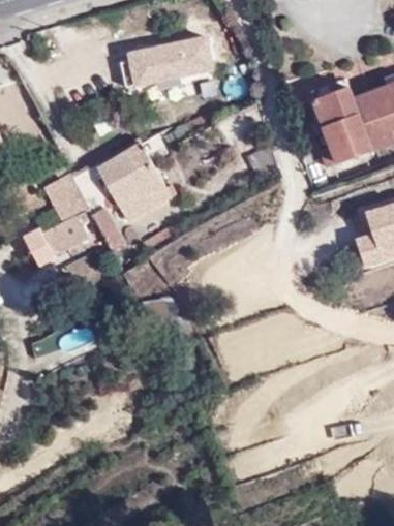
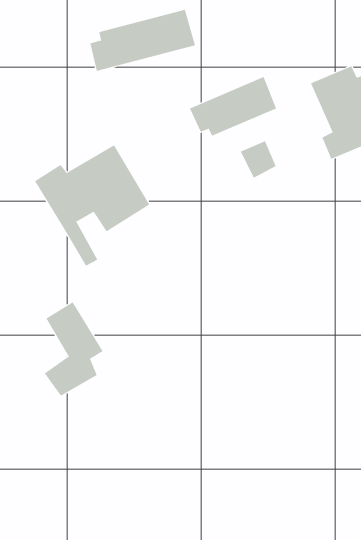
building: none -> [189,76,277,136]
building: [38,176,91,257] -> [44,301,103,396]

